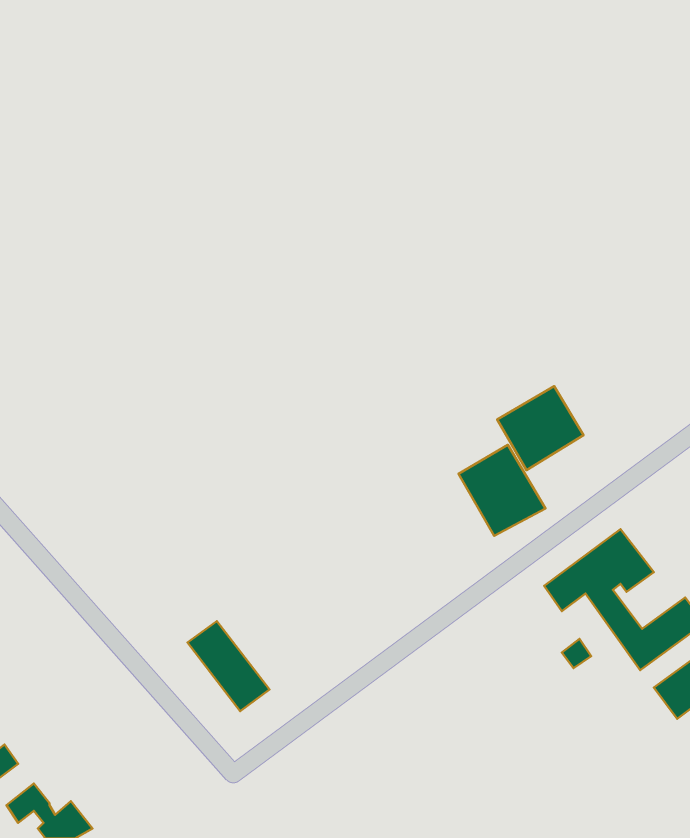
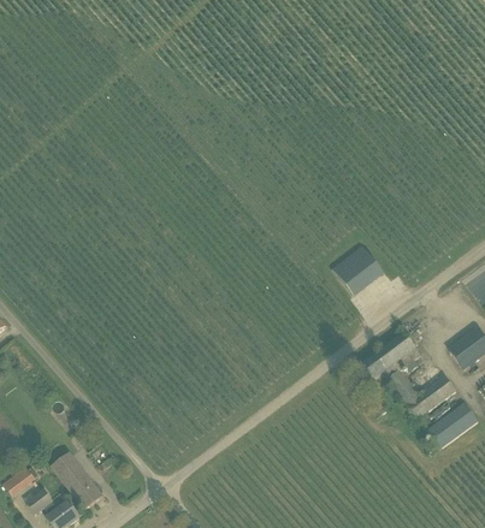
building: [459,445,546,536] -> none
building: [187,621,270,711] -> [53,453,103,509]

